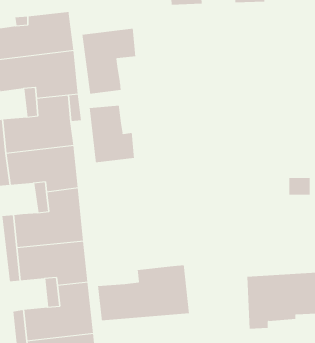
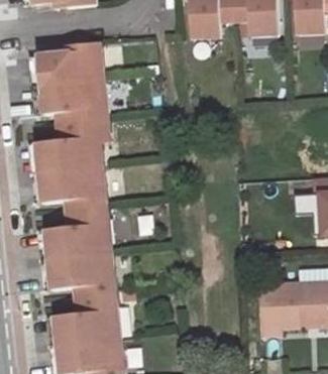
building: [82,28,136,95] -> none
building: [89,105,134,163] -> none
building: [98,265,189,321] -> none

